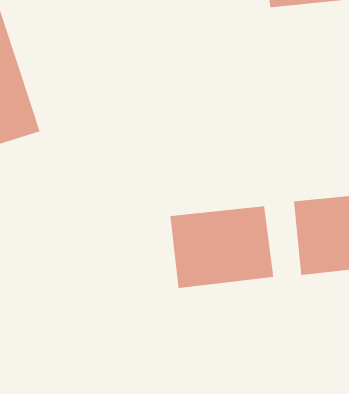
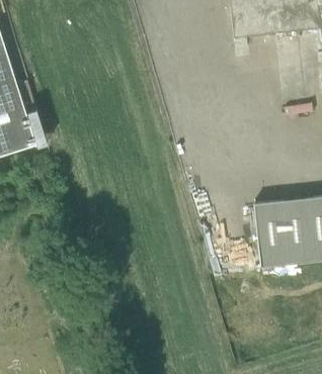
building: [170,205,274,289] -> none

